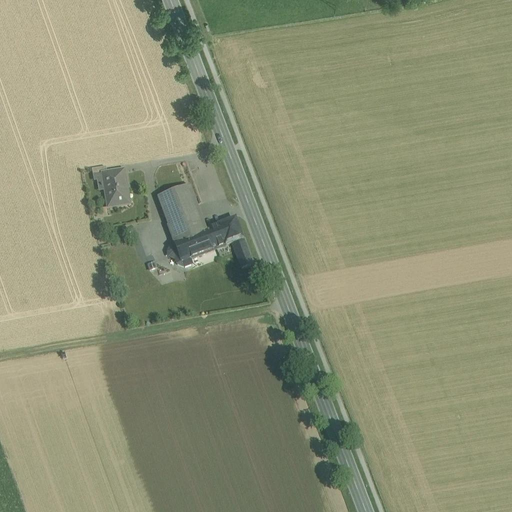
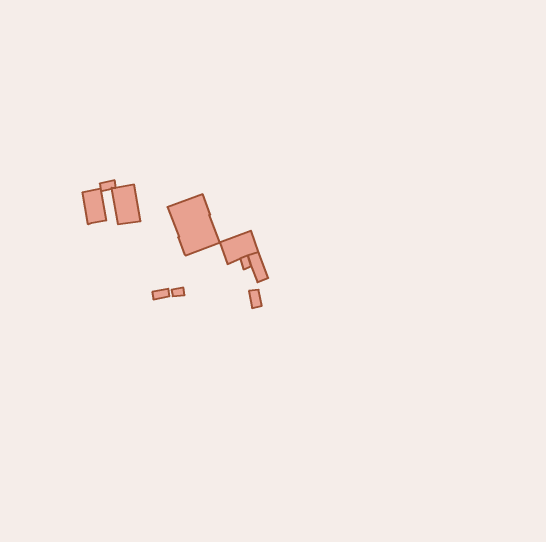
building: none -> [83,188,106,224]
building: [166,226,212,262] -> none

